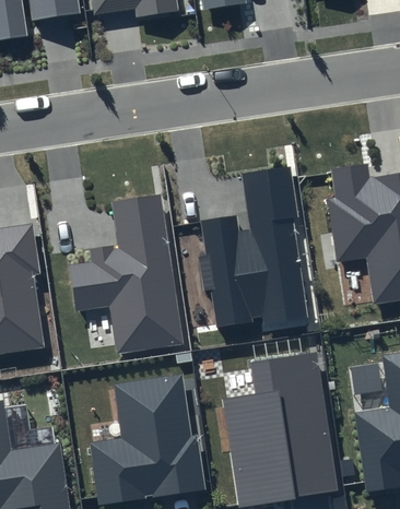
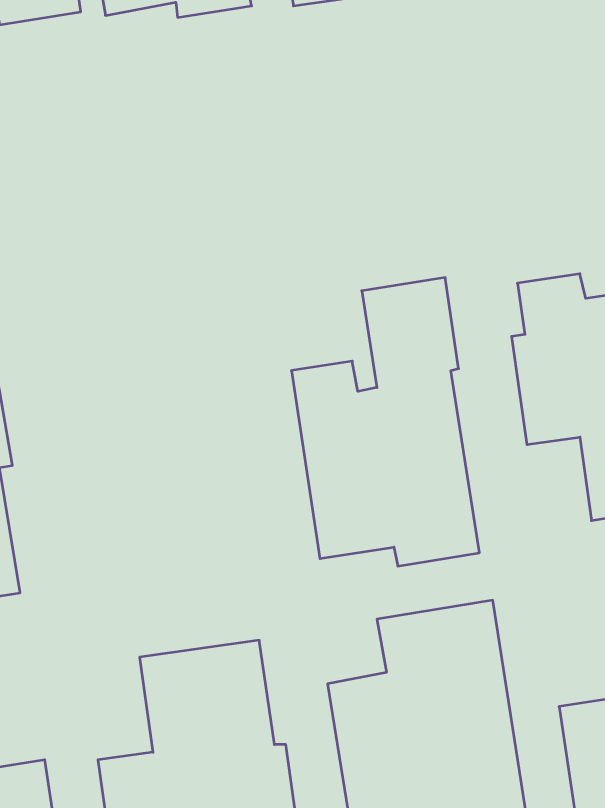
building: [69,193,184,353] -> none

